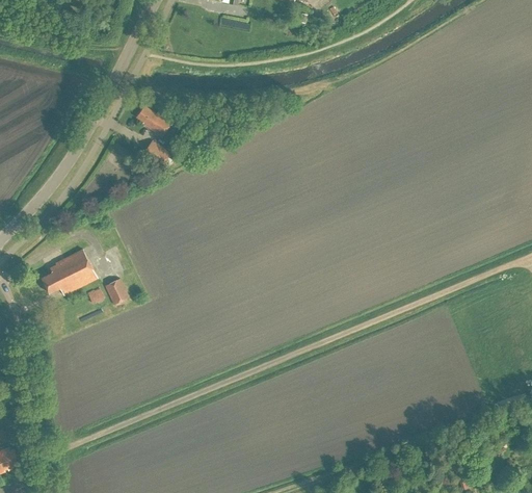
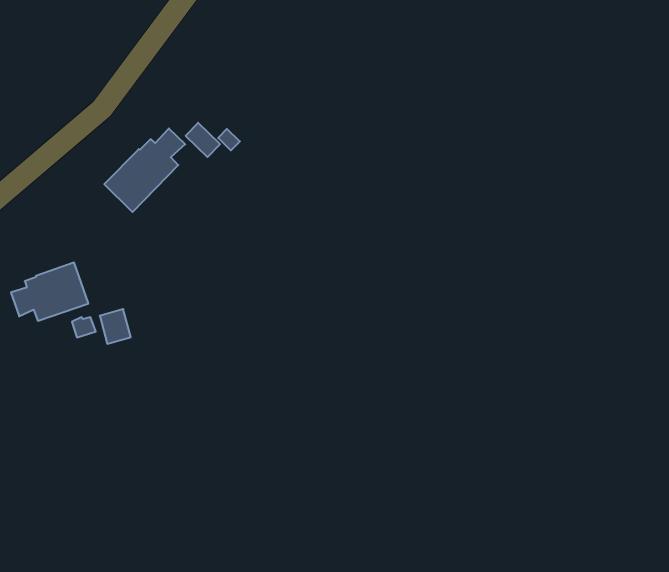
building: [135,104,171,135] -> none
building: none -> [104,128,185,212]

